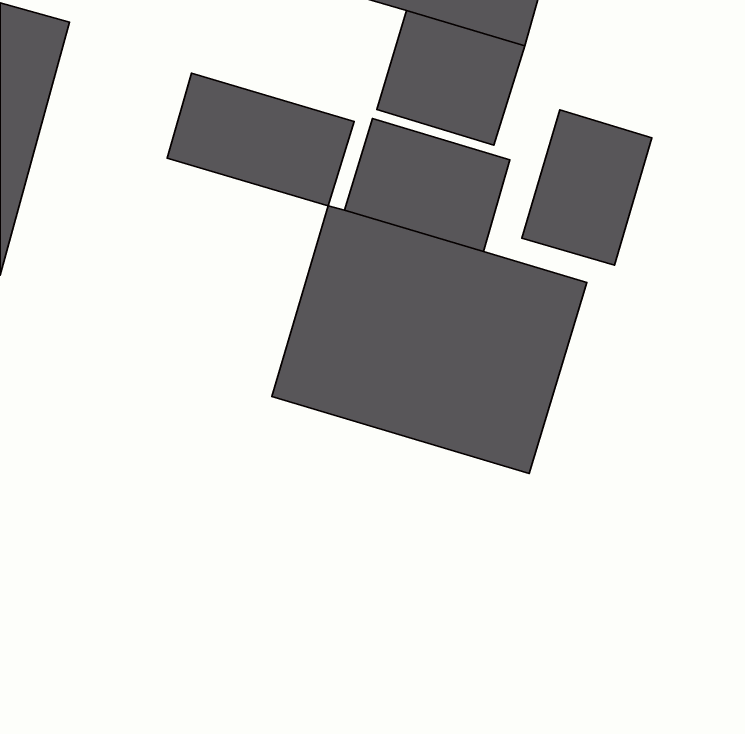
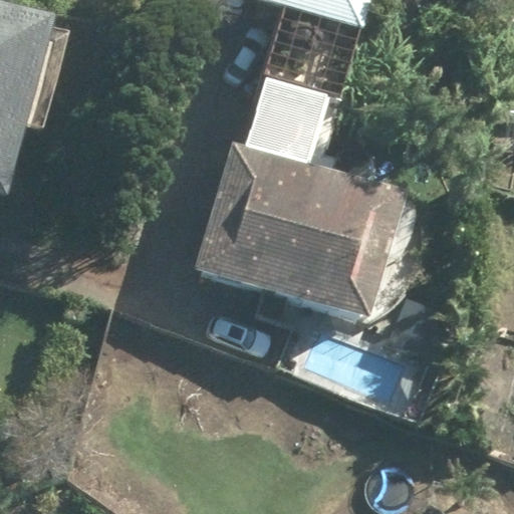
building: [167,73,354,206] -> none
building: [522,110,652,265] -> none

